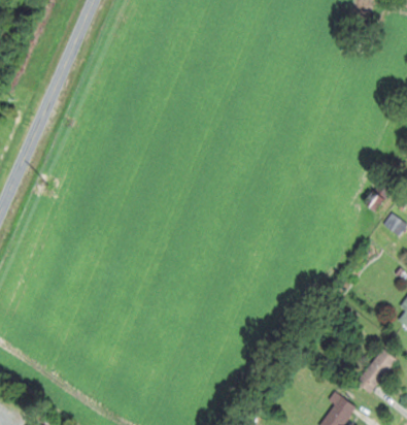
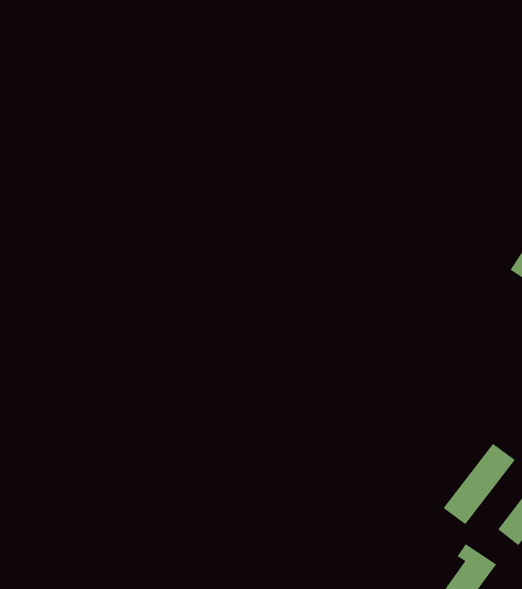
building: none -> [443,443,516,525]

